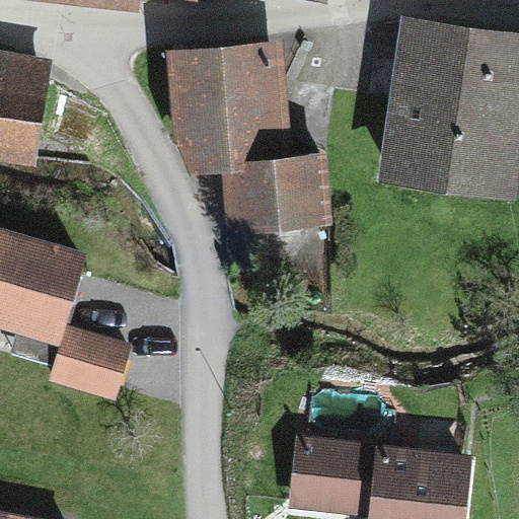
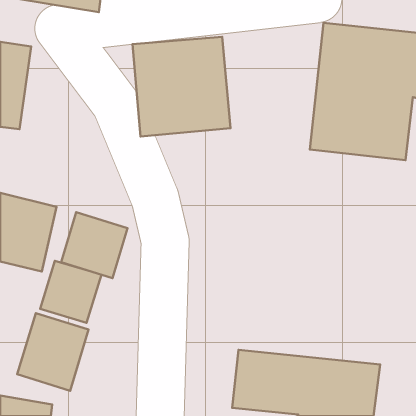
building: [227,163,323,230] -> none
building: none -> [61,212,128,278]
building: none -> [17,313,89,391]

